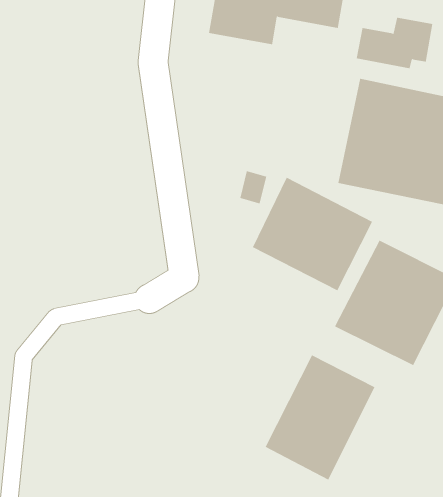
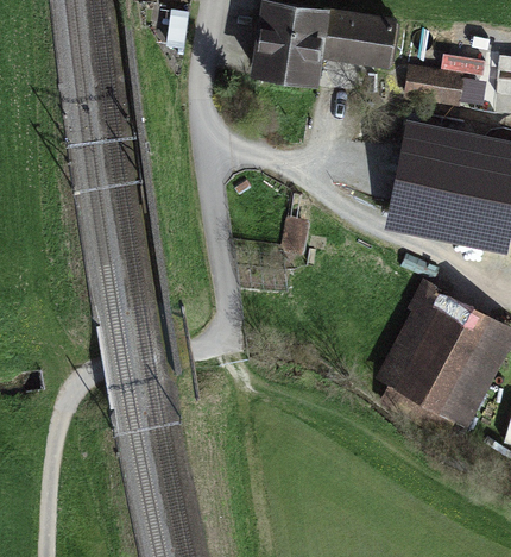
building: [252,177,373,291] -> none
building: [265,354,375,480] -> none

